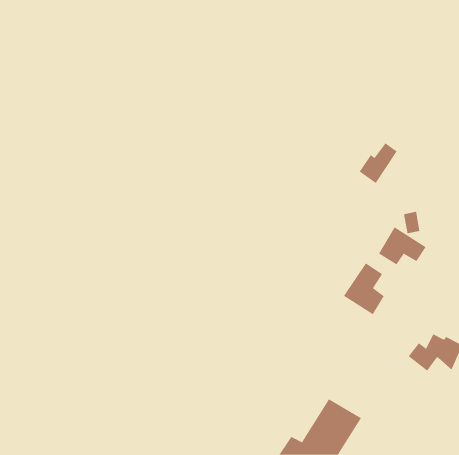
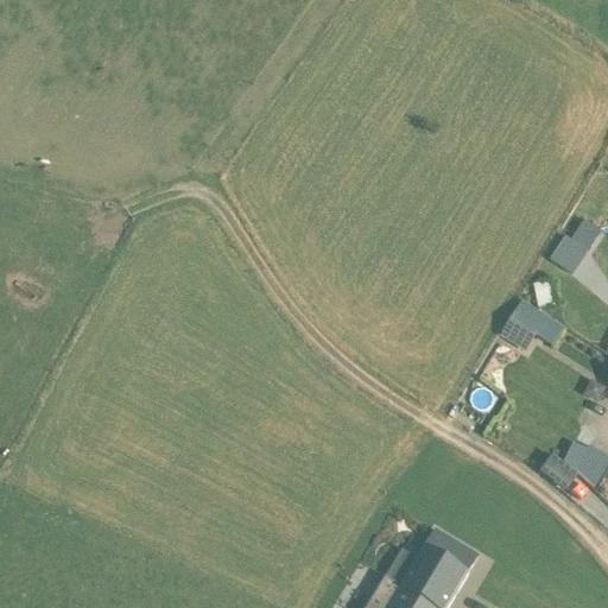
building: [359,143,398,184] -> [550,220,601,274]
building: [343,262,385,315] -> none

